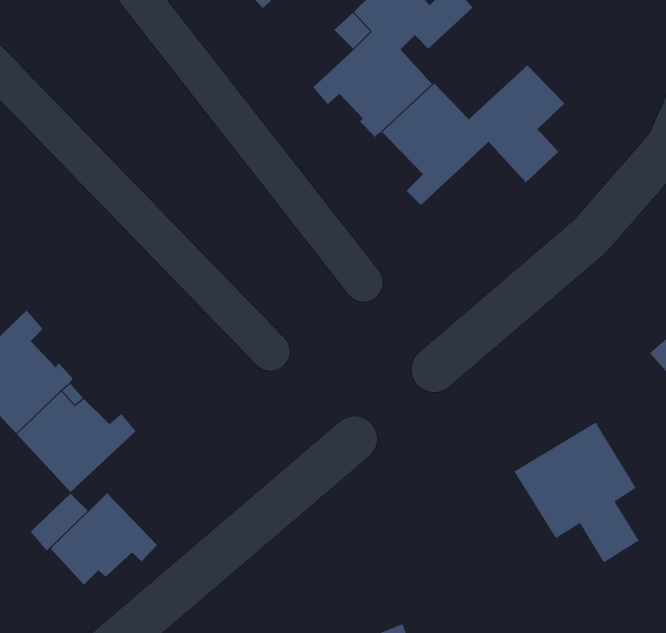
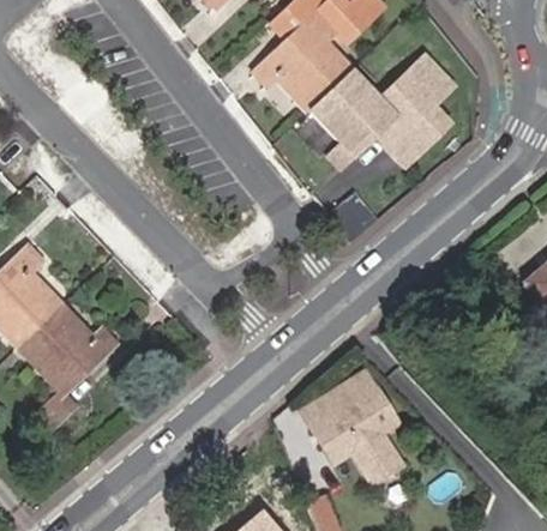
building: none -> [375,115,425,164]
building: [513,422,640,563] -> [300,370,401,483]
building: [50,493,158,586] -> none

